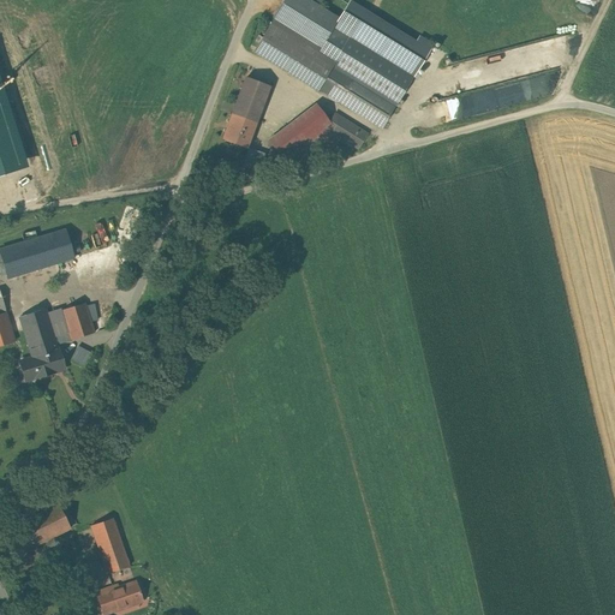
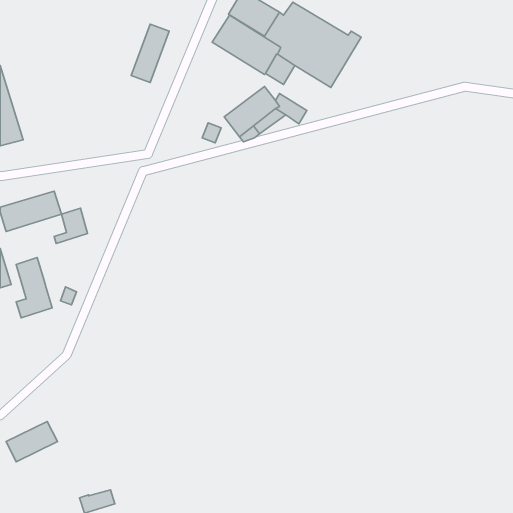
building: [223,77,269,147] -> [131,24,169,82]
building: [340,78,396,126] -> none
building: [54,301,94,344] -> [54,208,88,243]
building: [91,521,127,574] -> none

